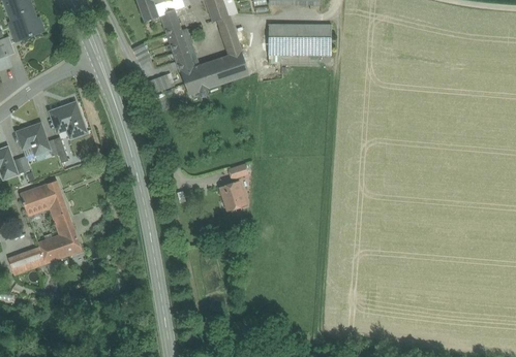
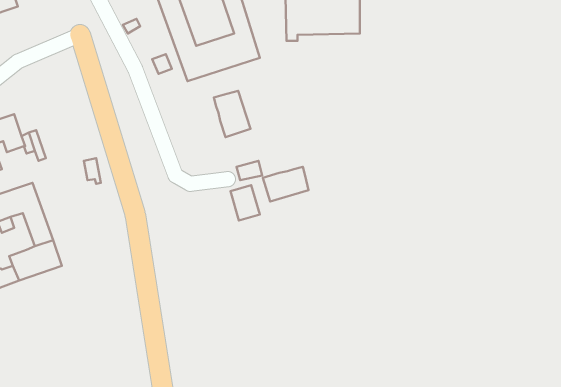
building: none -> [214,91,250,137]
building: [50,103,85,136] -> none
building: none -> [263,167,308,201]

